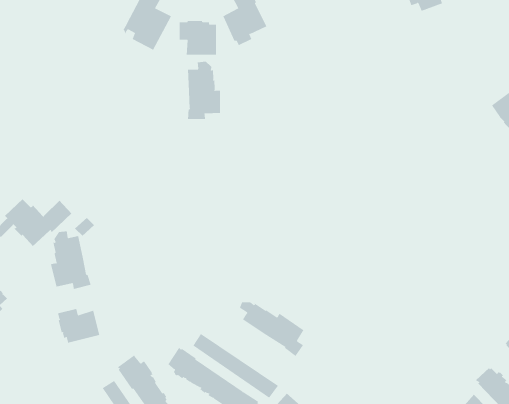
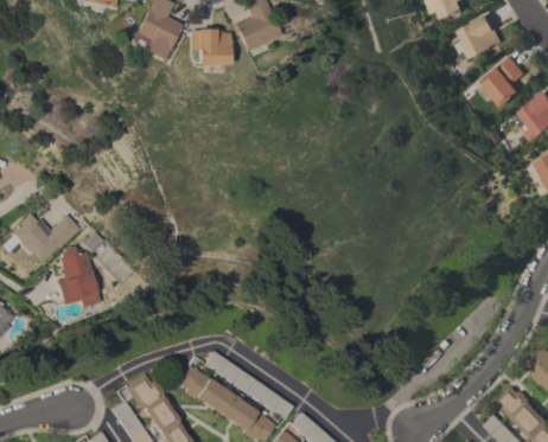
building: none -> [451,13,503,58]
building: none -> [476,55,525,107]
building: [187,61,221,120] -> none
building: [239,302,304,357] -> none
building: [58,308,100,343] -> none

